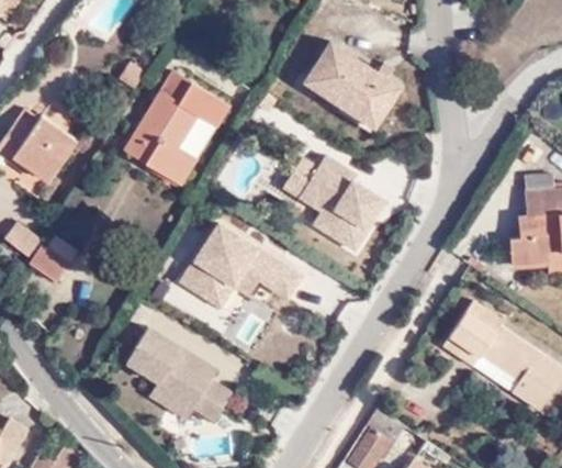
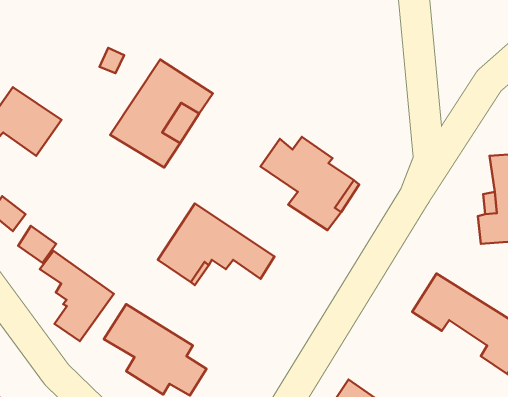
building: [310,45,404,125] -> none
building: none -> [40,251,114,341]

